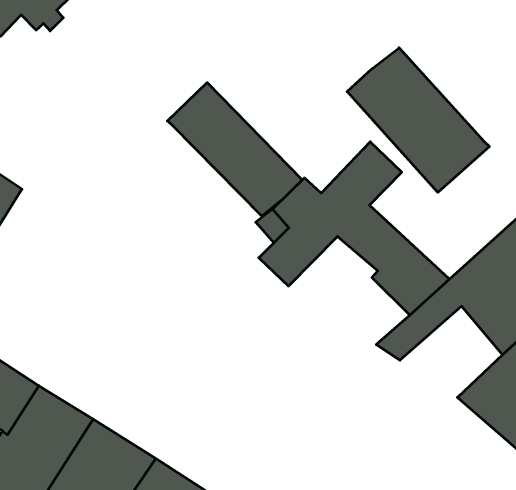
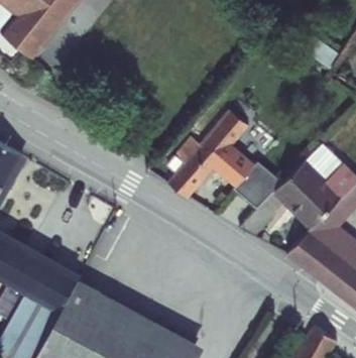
building: [347,48,489,192] -> none
building: [167,83,302,216] -> none

